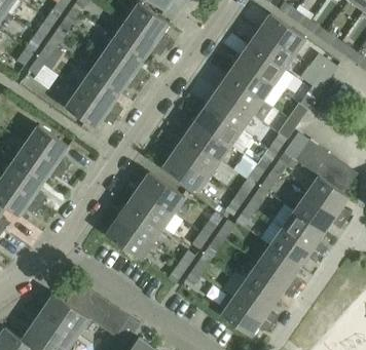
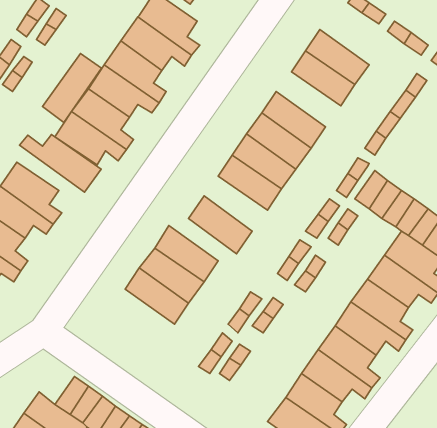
building: [258,14,305,55] -> none
building: none -> [42,54,102,123]
building: [226,61,273,101] -> none
building: none -> [20,134,101,192]
building: [174,137,220,177] -> none
building: [105,219,152,260] -> none

